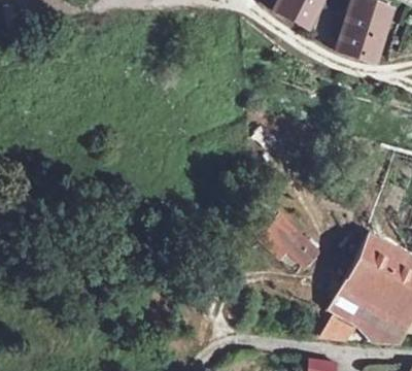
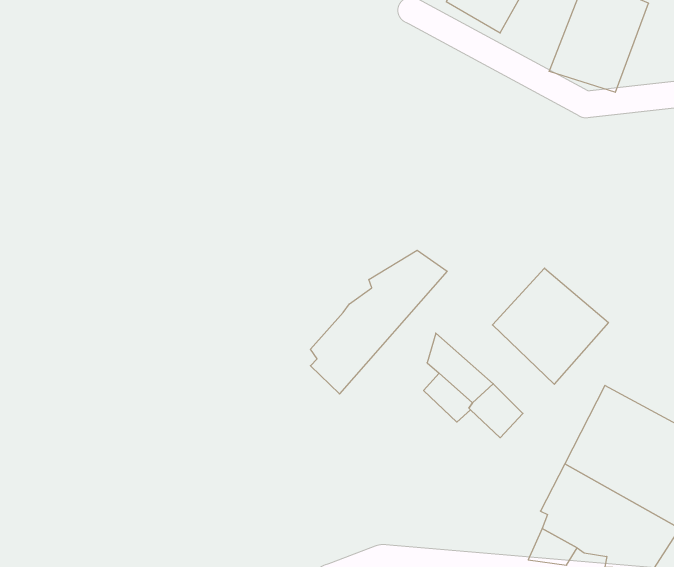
building: none -> [310,250,447,394]
building: none -> [492,268,608,384]

